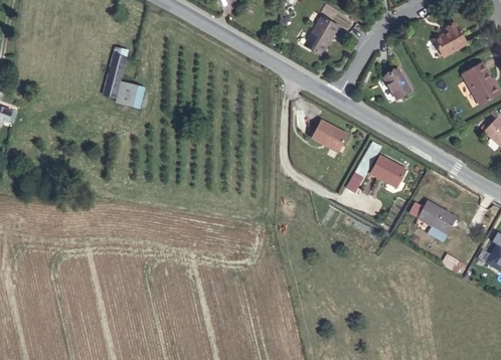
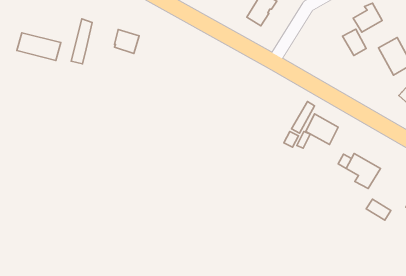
building: none -> [17,33,61,60]
building: [384,67,411,98] -> [343,29,366,55]
building: [117,79,145,107] -> [114,30,139,53]
building: [312,119,350,153] -> none

